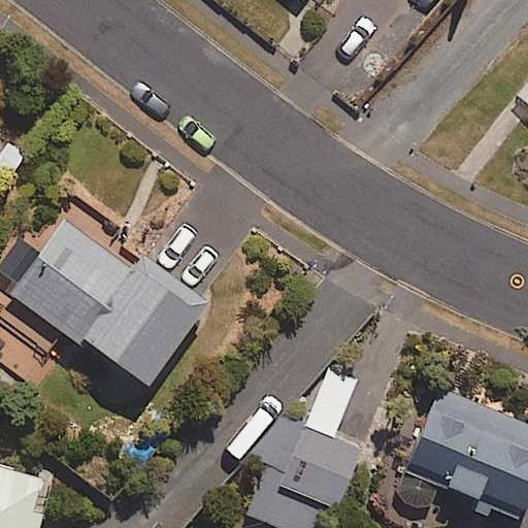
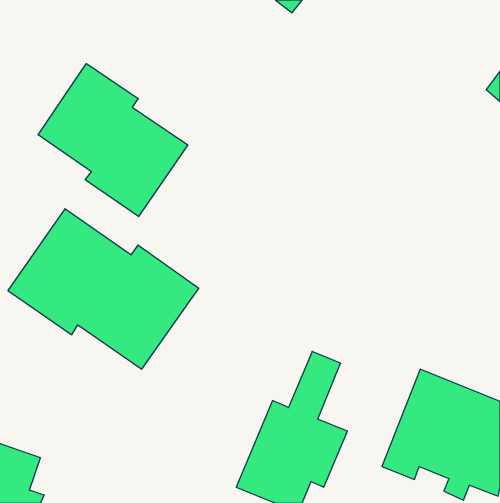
building: none -> [38,64,188,217]

